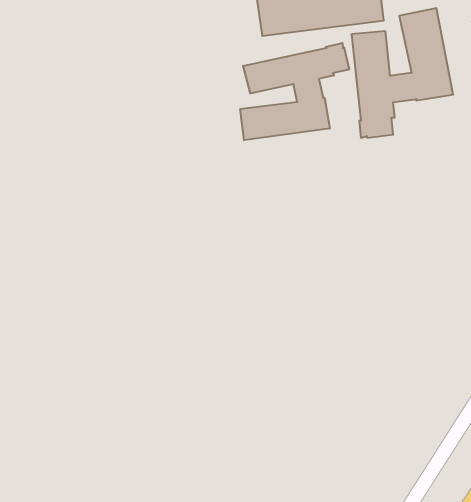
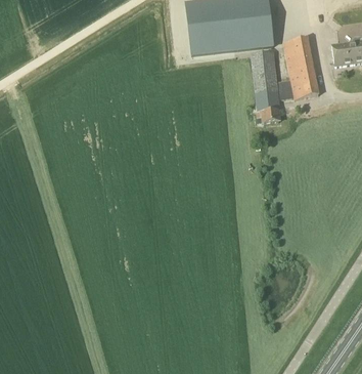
building: [240,43,349,140] -> none

